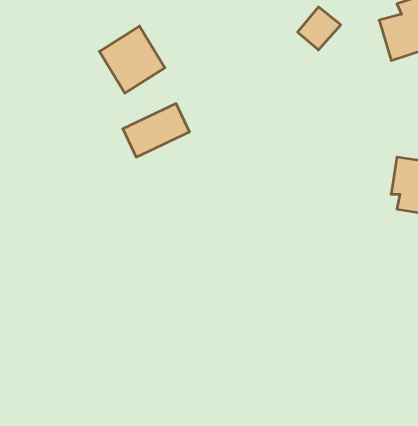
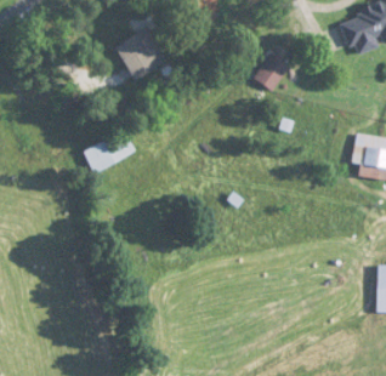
building: [298,7,341,50] -> [254,56,289,91]
building: [123,104,190,157] -> [81,130,136,173]

